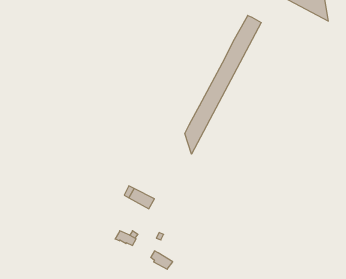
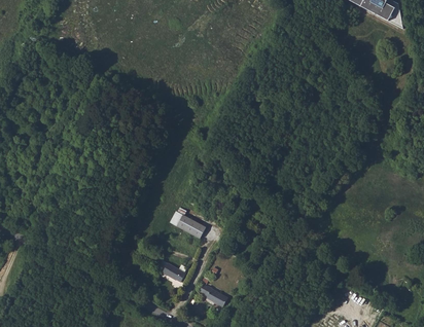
building: [185,15,261,154] -> none

